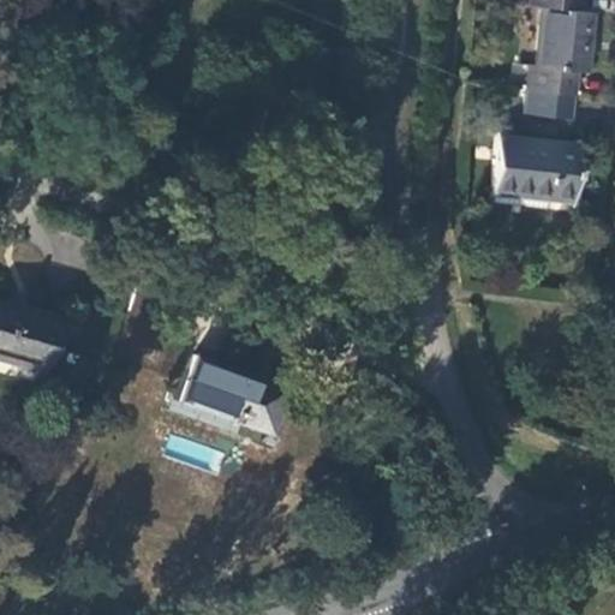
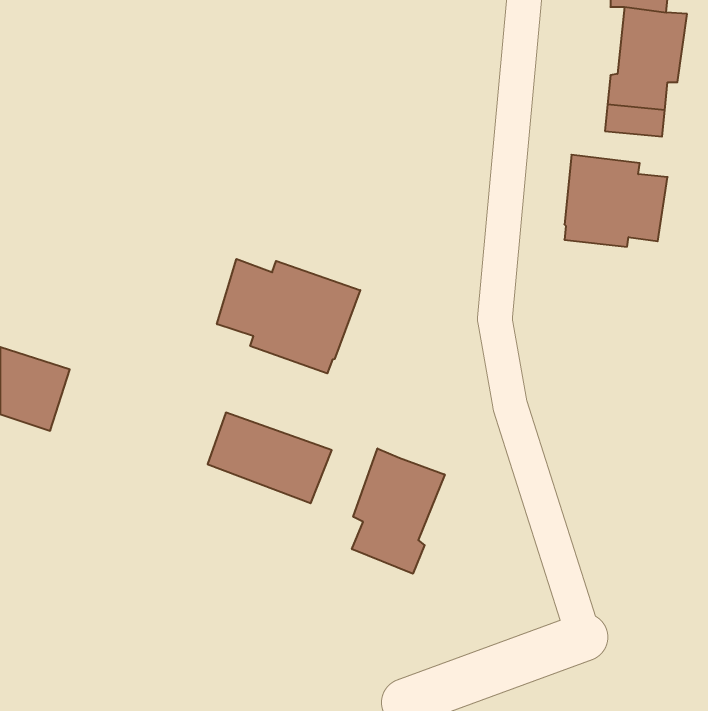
building: none -> [217,259,360,373]
building: none -> [352,448,445,574]

